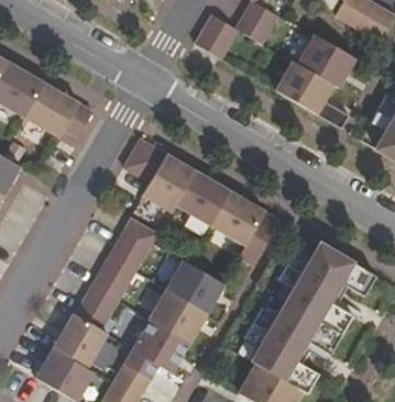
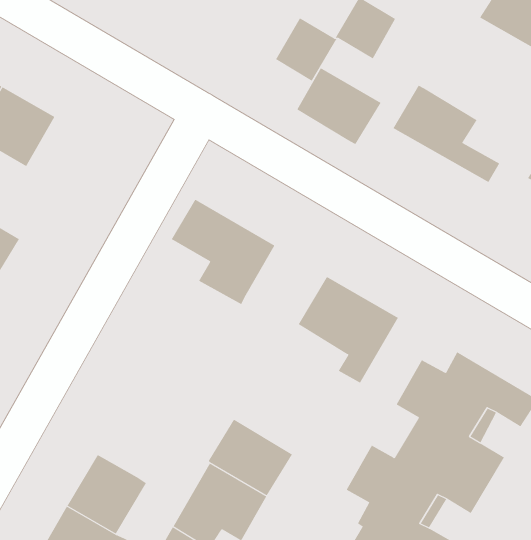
building: [297,34,355,87] -> [296,68,382,145]
building: [24,82,92,136] -> none
building: [175,170,230,224] -> none
building: [75,217,156,328] -> none
building: [166,260,223,313] -> none

